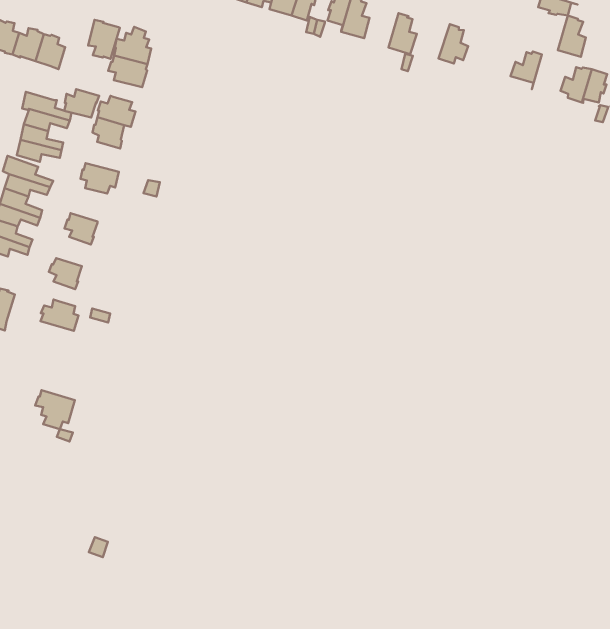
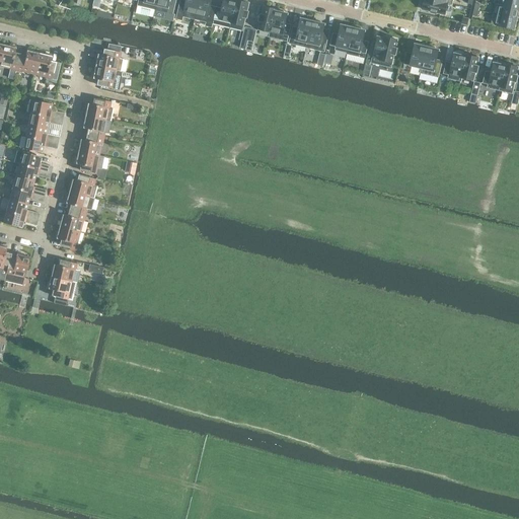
building: none -> [289,18,313,48]
building: [558,16,586,57] -> [421,46,442,77]
building: [88,20,120,59] -> none
building: none -> [330,24,354,54]
building: none -> [372,38,397,67]
building: [64,89,99,118] -> [77,135,103,156]
building: none -> [68,174,97,199]
building: none -> [59,210,85,232]
building: [35,390,75,429] -> [46,277,76,306]

